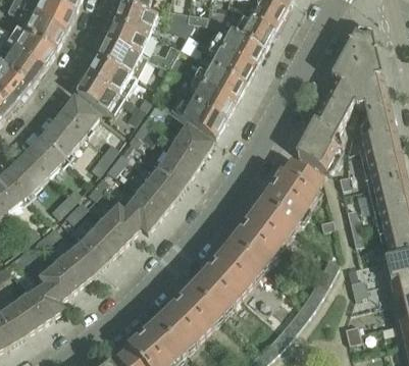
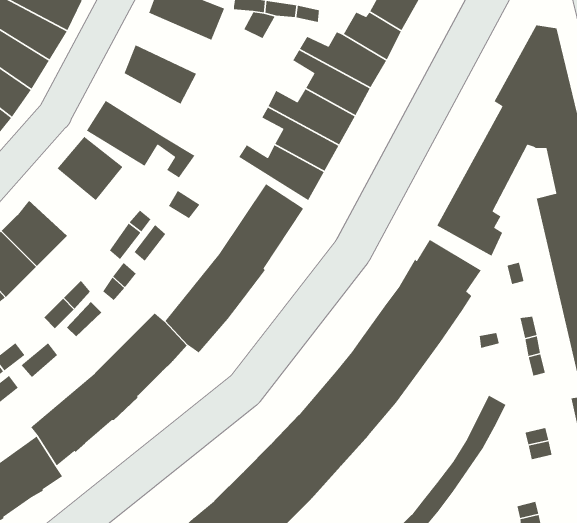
building: [106,18,178,67] -> none
building: [88,56,135,95] -> none
building: [40,115,82,157] -> none

